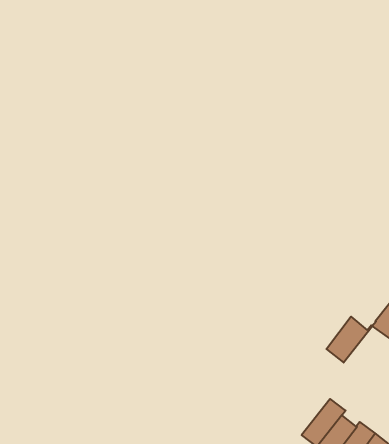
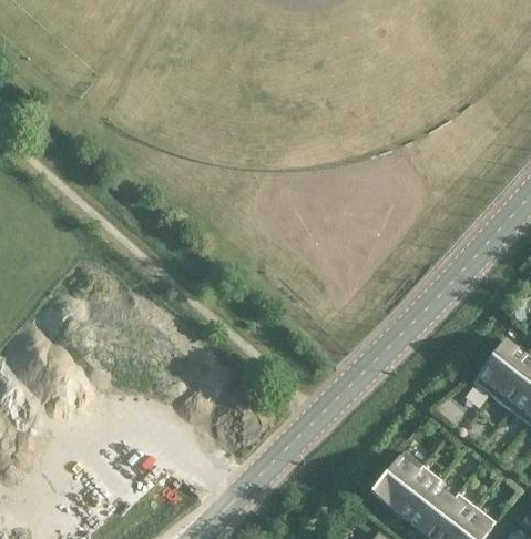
building: [326,317,372,363] -> [371,456,425,509]

